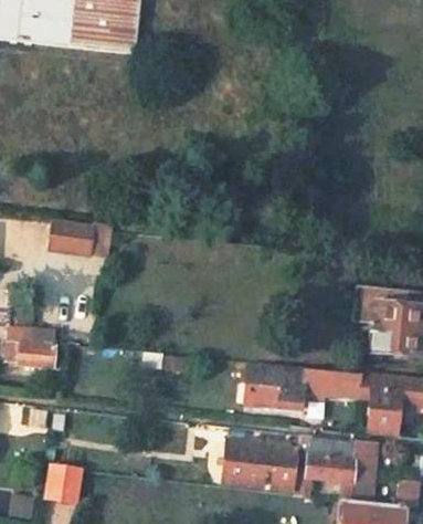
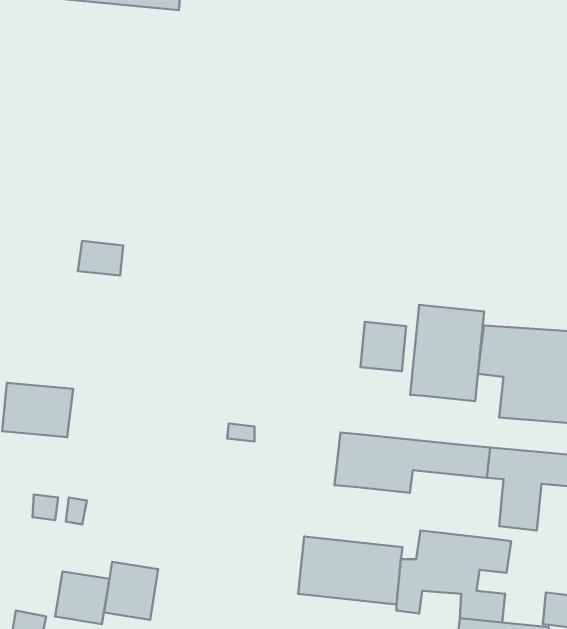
building: none -> [410,305,484,401]
building: none -> [360,322,406,371]
building: none -> [104,562,158,620]

